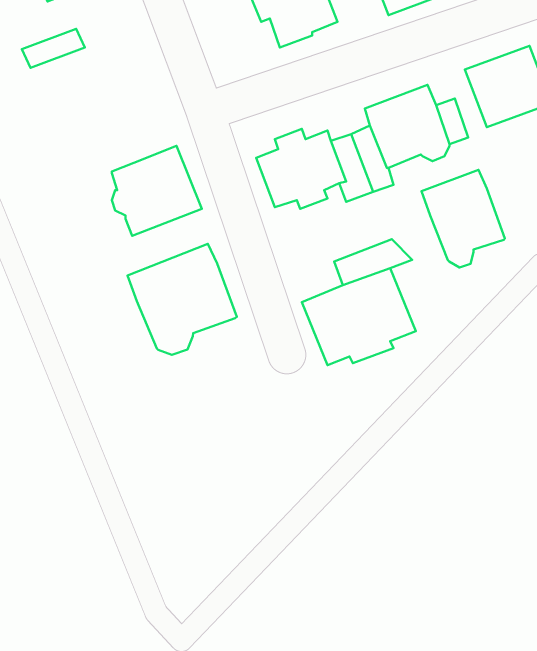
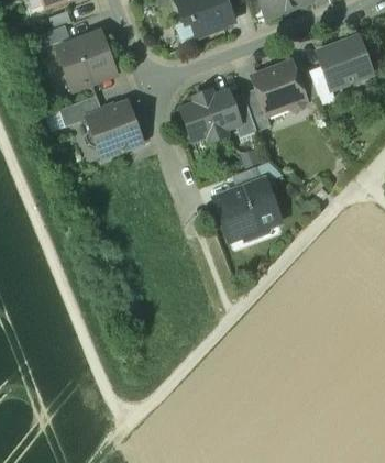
building: none -> [57,32,116,88]
building: none -> [59,95,102,125]
building: [422,170,505,267] -> none
building: [128,244,237,355] -> none

